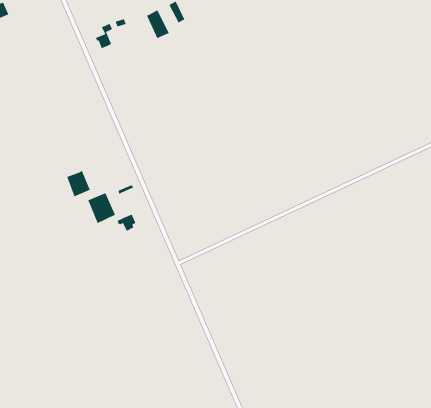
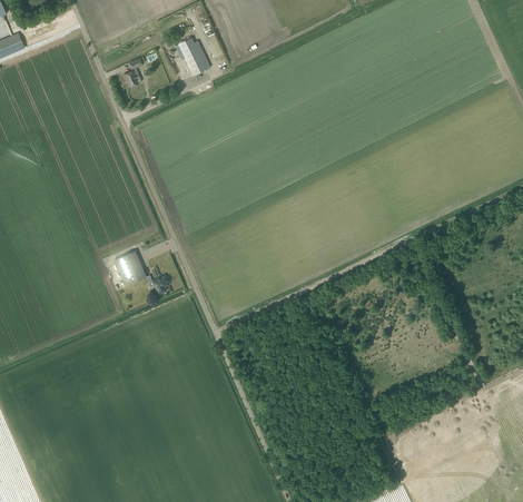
building: [67,170,91,197] -> none

